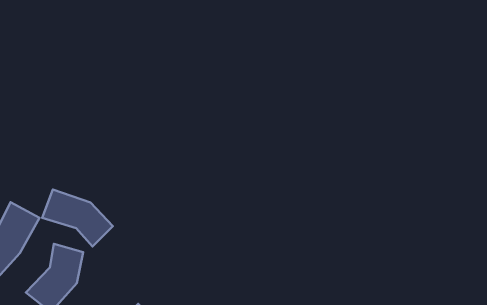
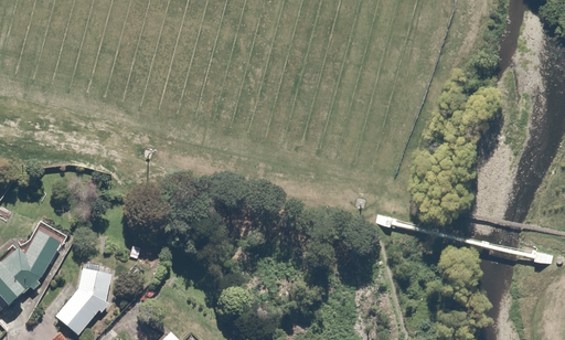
building: [42,190,113,247] -> none

